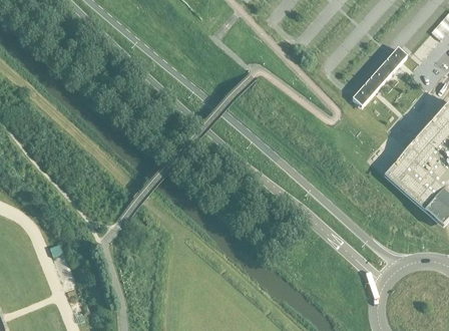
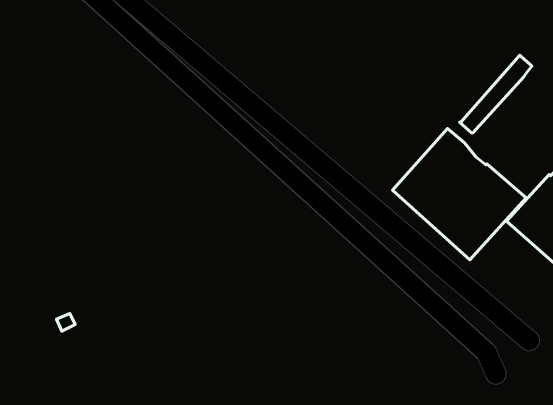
building: none -> [392,128,526,260]

